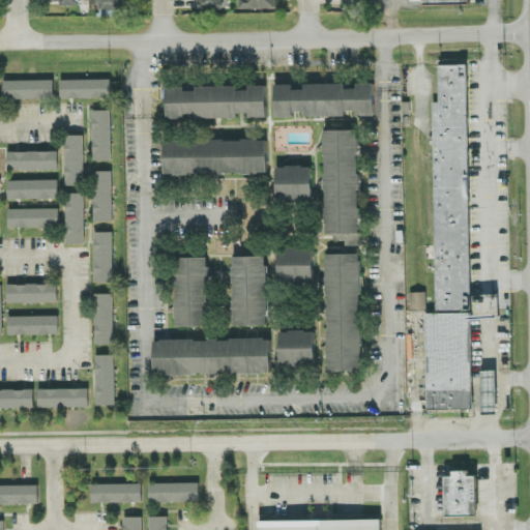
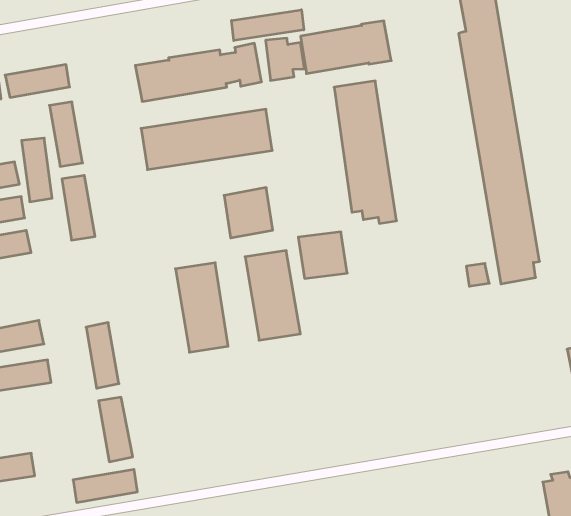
building: none -> [232,10,304,41]
building: [275,166,311,202] -> [224,188,273,238]
building: [64,193,84,244] -> none
building: [93,232,113,283] -> none
building: [325,254,359,371] -> none
building: [424,313,471,410] -> none
building: [277,330,314,365] -> none
building: [153,340,269,375] -> none
building: [37,388,88,408] -> [73,469,137,502]

